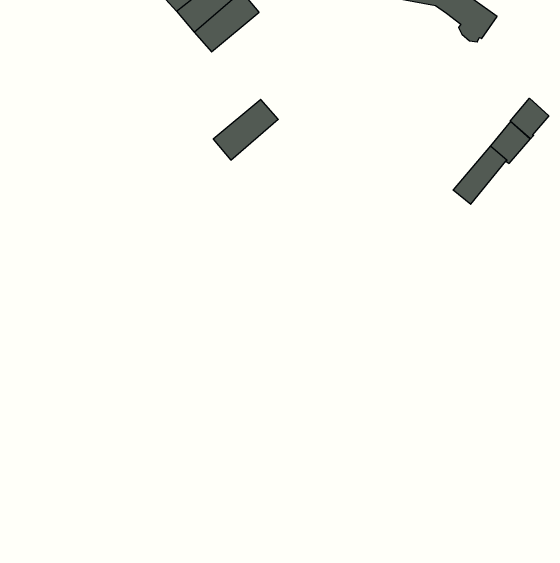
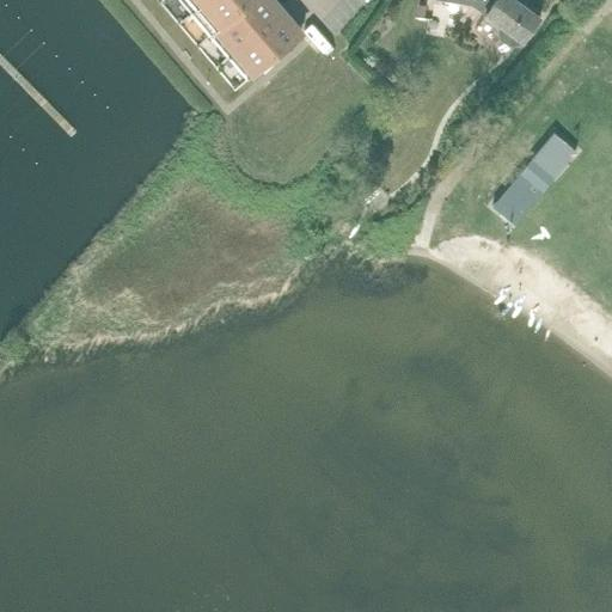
building: [510,98,549,139] -> none
building: [213,99,278,160] -> [233,13,304,79]

